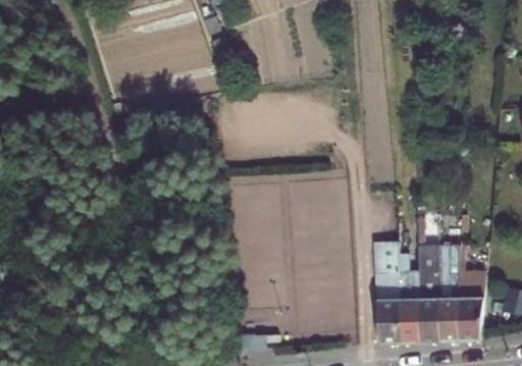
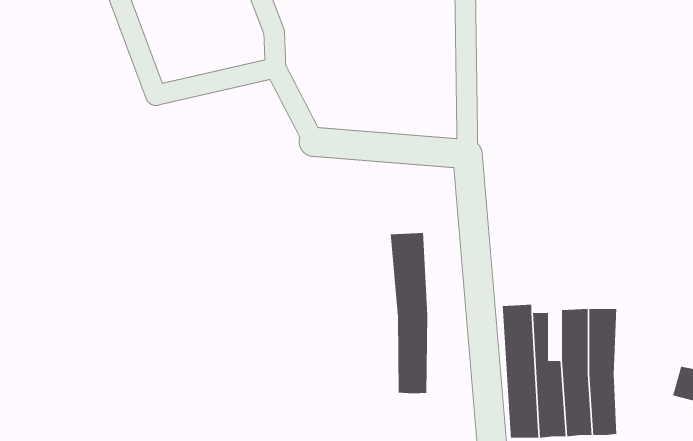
building: none -> [390,232,428,394]
building: [457,230,483,337] -> none

